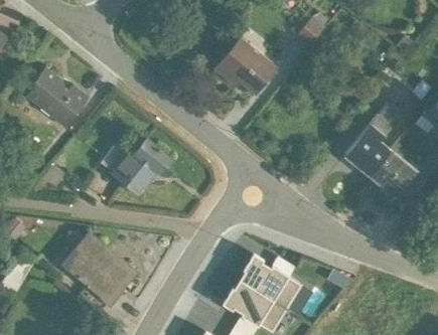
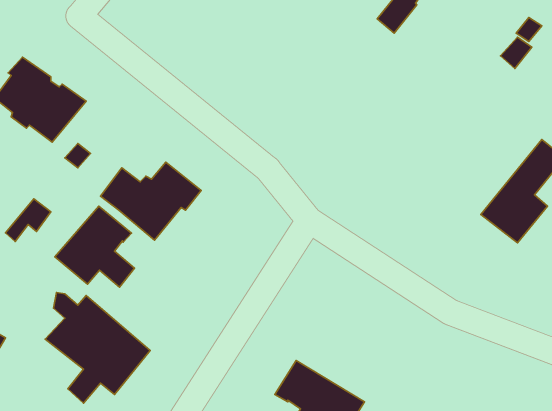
building: [212,38,276,96] -> none
building: [343,105,399,177] -> none
building: none -> [55,206,135,287]
building: [238,258,300,310] -> none

